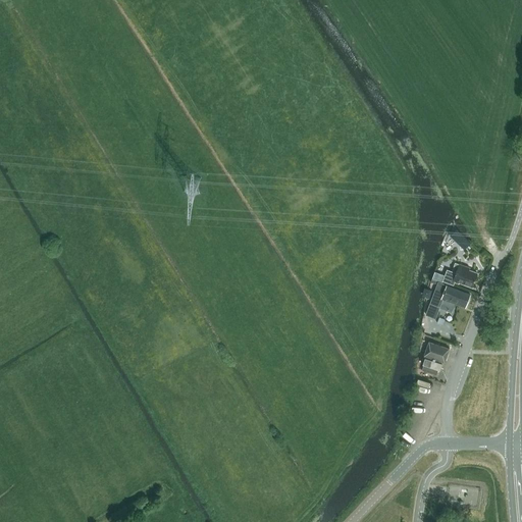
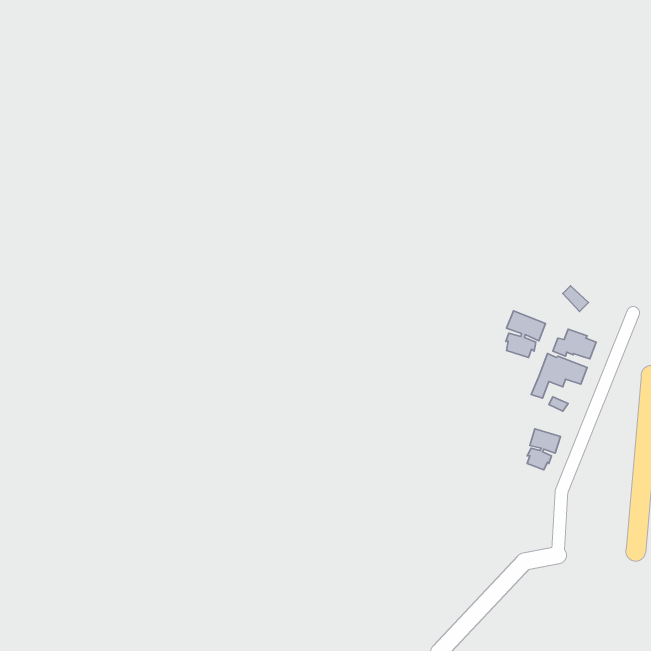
building: none -> [506,311,546,358]

